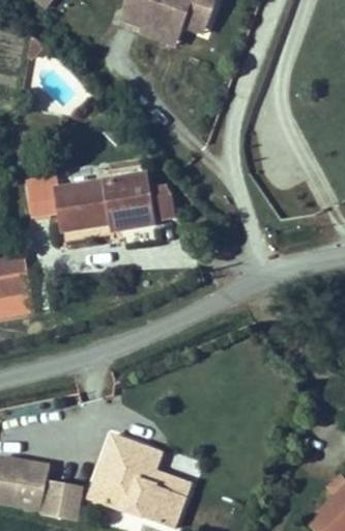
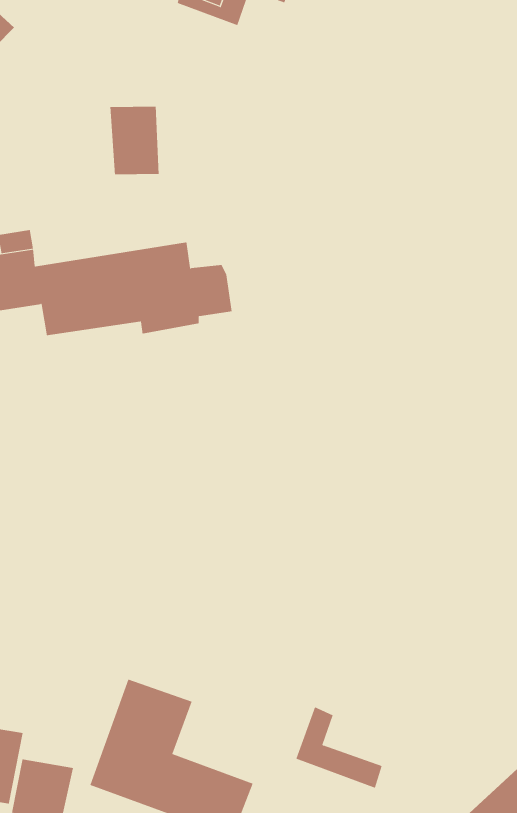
building: none -> [110,106,159,175]
building: [139,447,191,496] -> [295,707,382,788]

